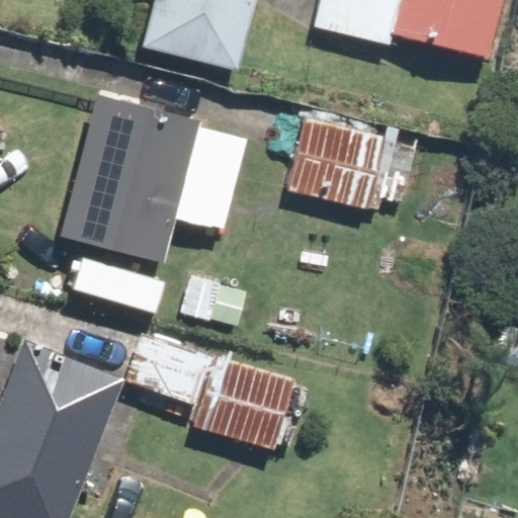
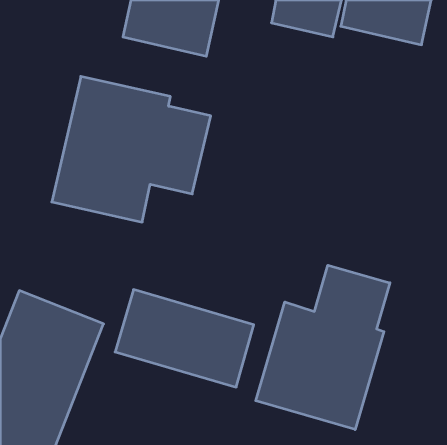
building: [287,117,385,208] -> none
building: none -> [256,265,390,430]

